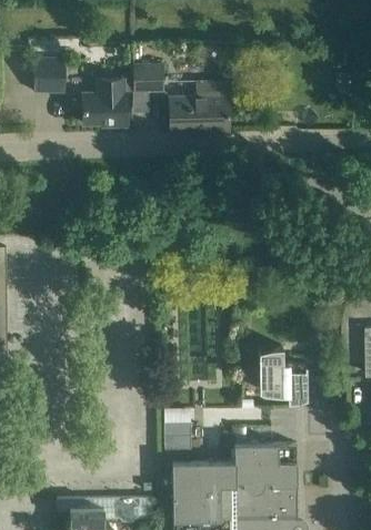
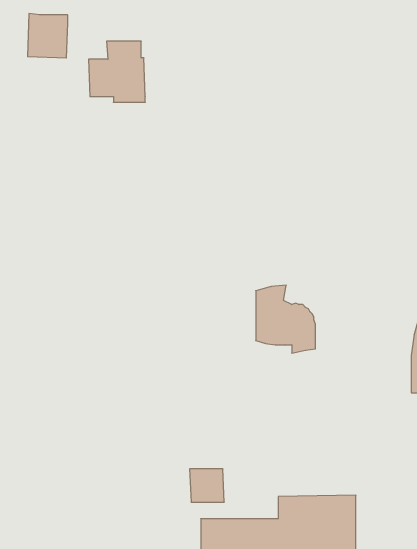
building: [133,64,164,92] -> none
building: [170,82,229,132] -> none
building: [259,346,307,400] -> [256,285,315,353]

